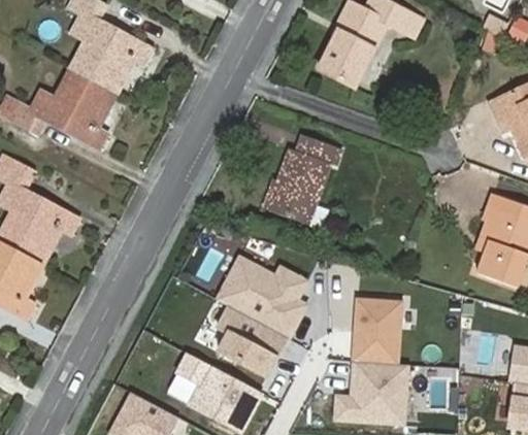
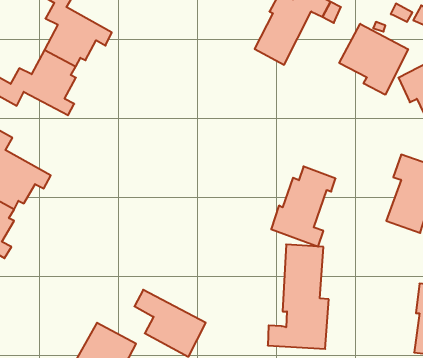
building: none -> [339,24,408,95]
building: [264,134,340,229] -> [271,166,336,247]
building: [217,256,307,376] -> none

